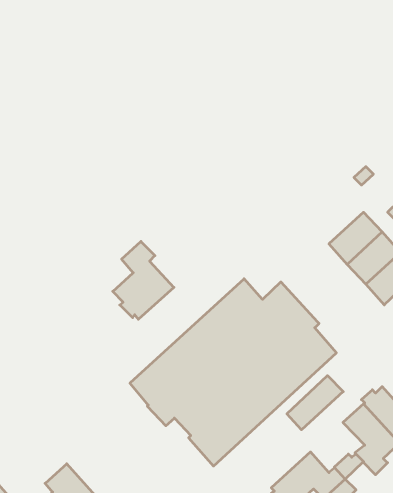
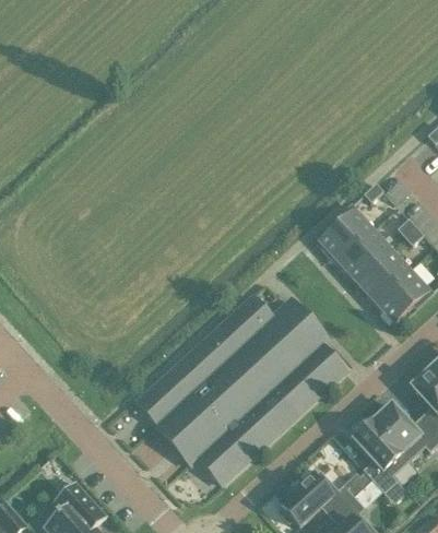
building: none -> [319,204,372,260]
building: [113,241,174,319] -> none
building: [287,376,343,430] -> none

